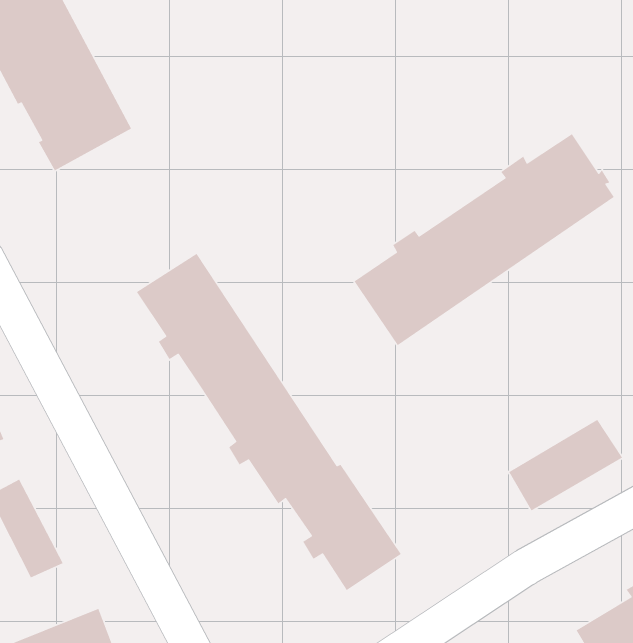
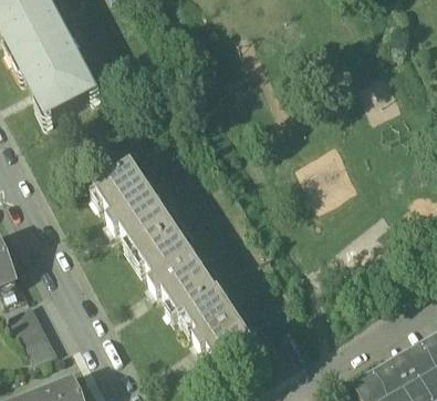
building: [353,133,615,346] -> none
building: [508,419,623,511] -> none

